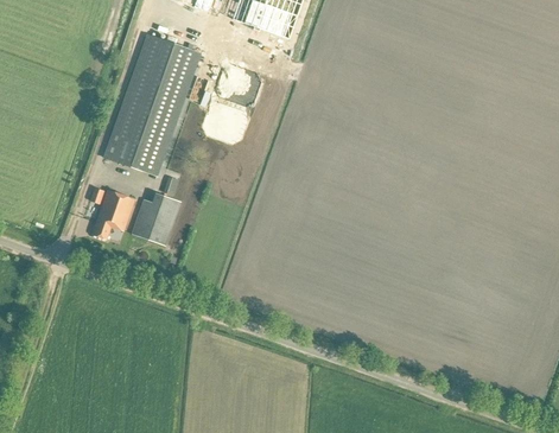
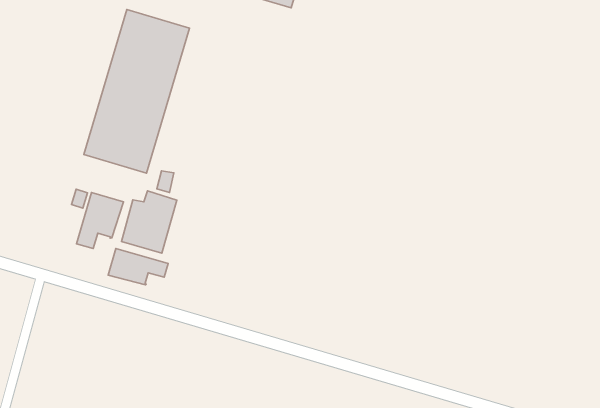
building: none -> [108,249,168,285]

